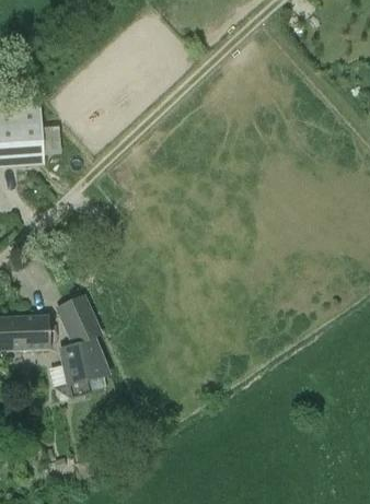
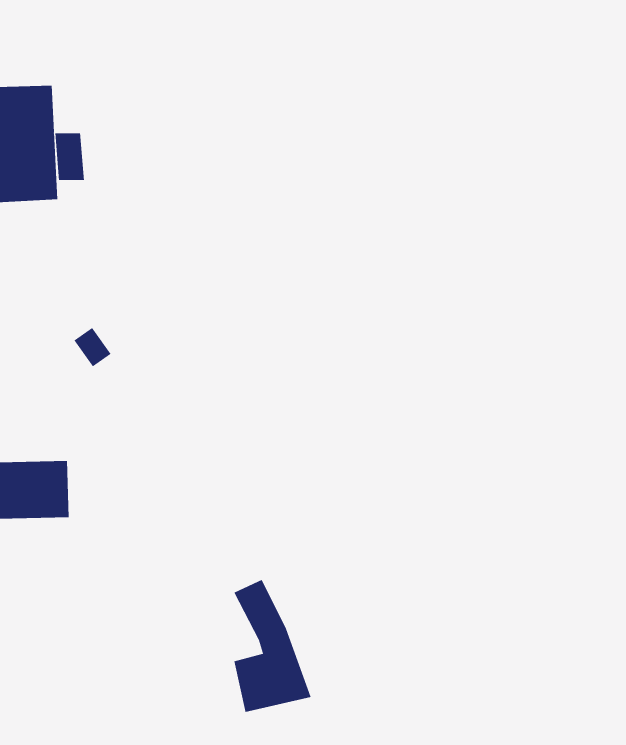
building: [61,306,106,383] -> [233,579,311,712]

